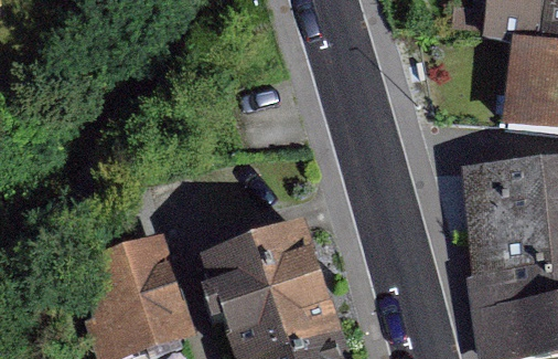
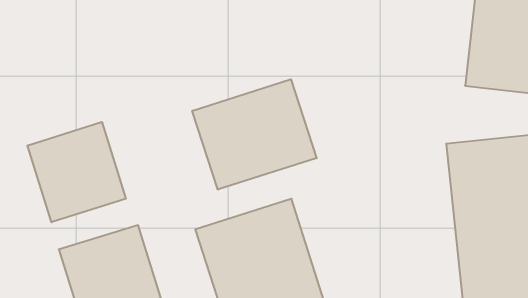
building: none -> [192,79,317,190]
building: none -> [28,122,126,222]

